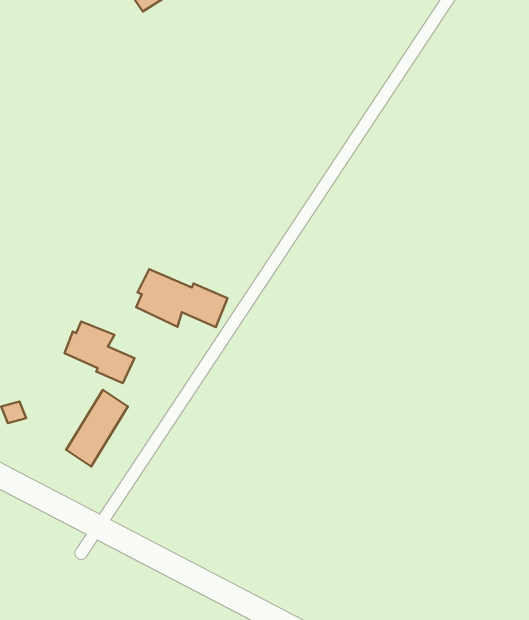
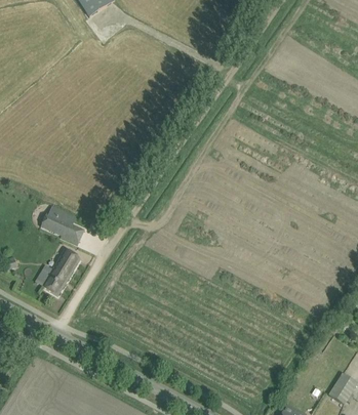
building: [136,269,227,327] -> none

